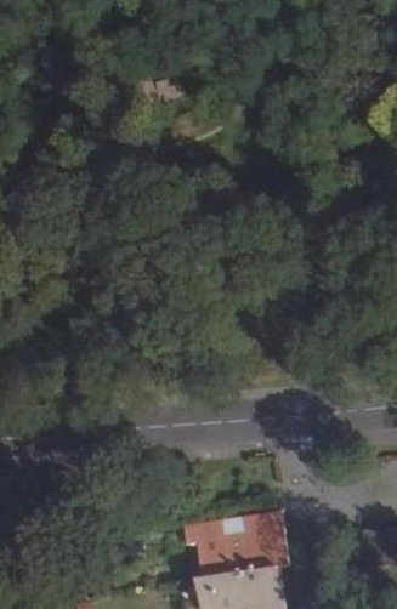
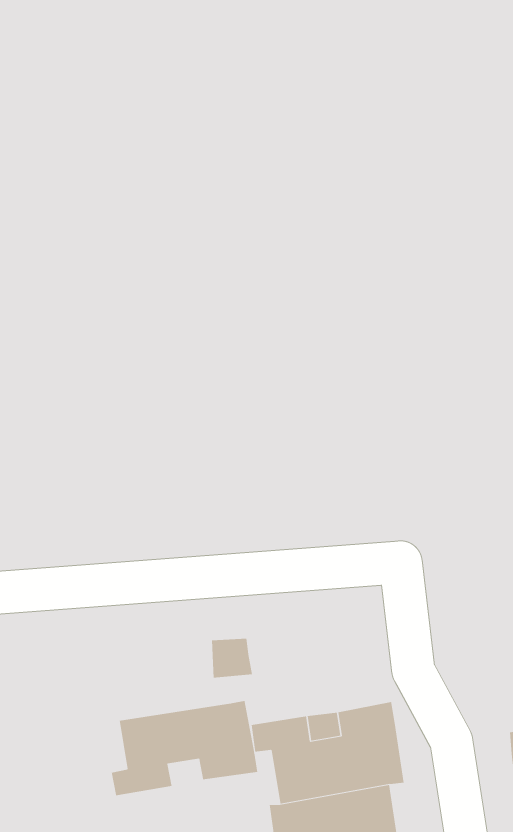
building: none -> [111,700,258,796]

